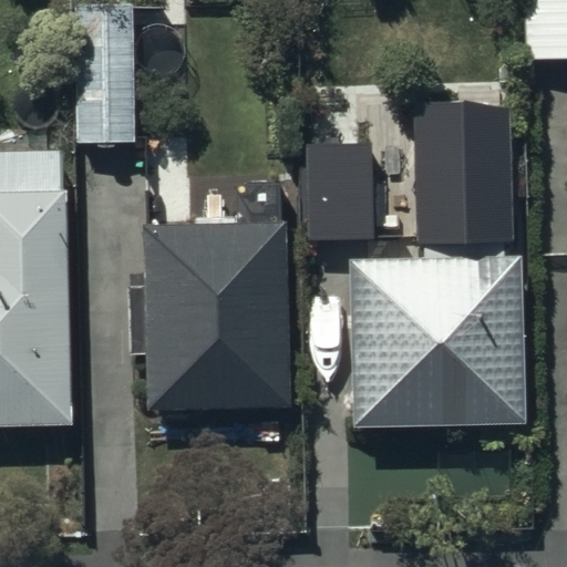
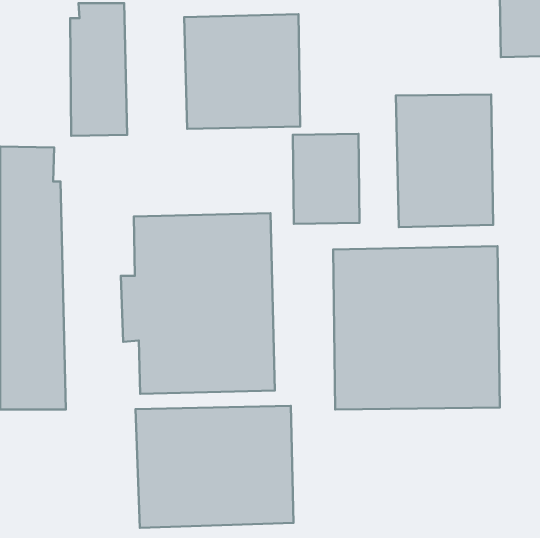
building: none -> [184,14,300,129]
building: none -> [136,406,294,528]

